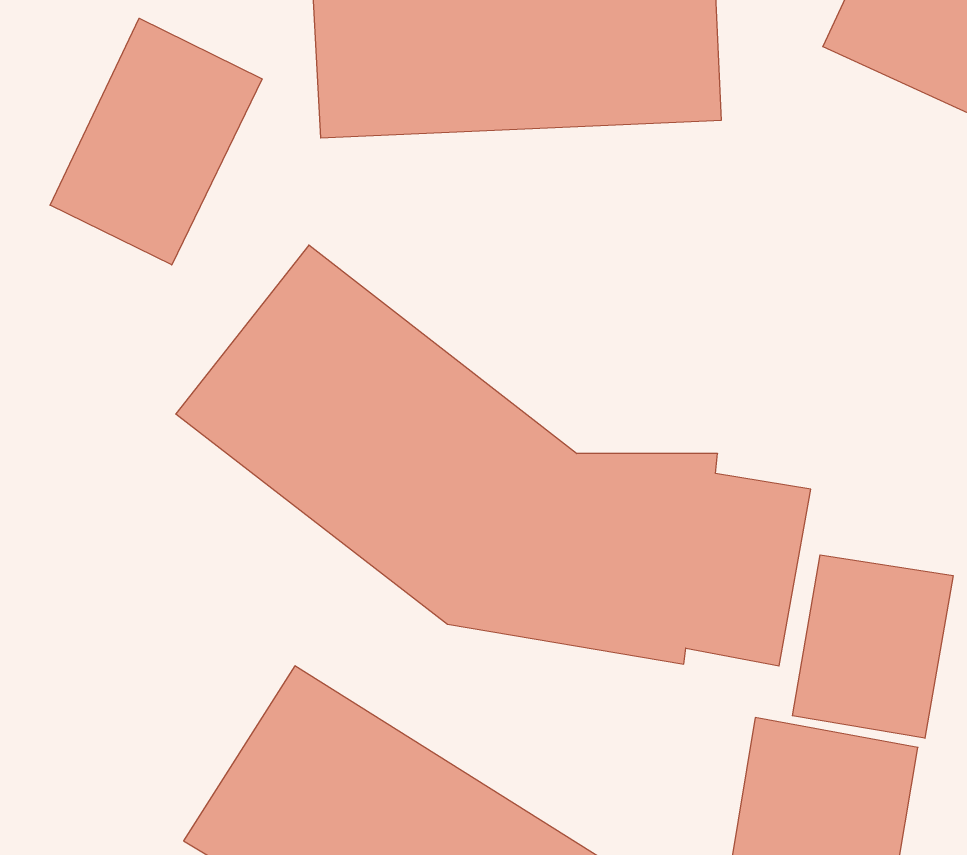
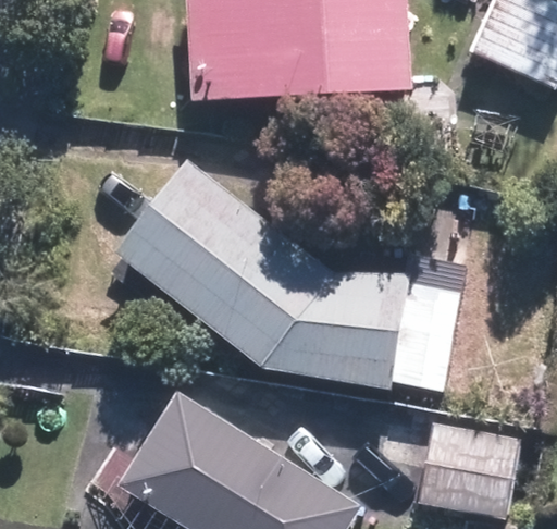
building: [50,18,262,265] -> none
building: [792,555,953,738] -> none

